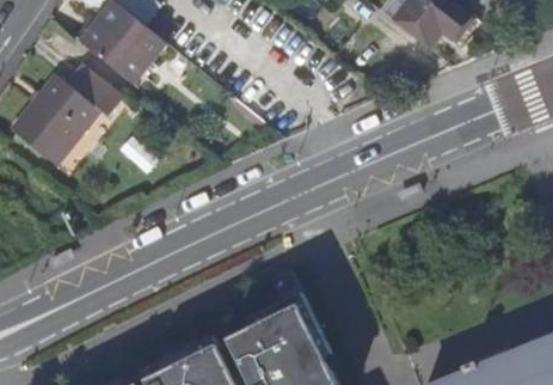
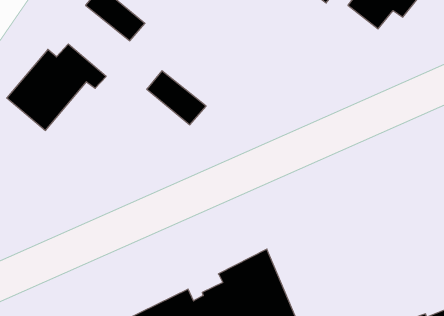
building: [84,23,149,82] -> [147,71,206,125]

